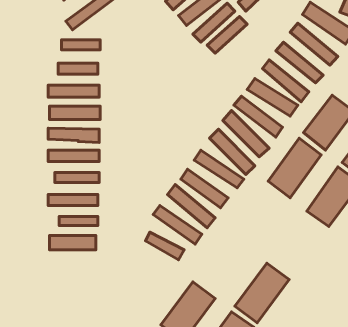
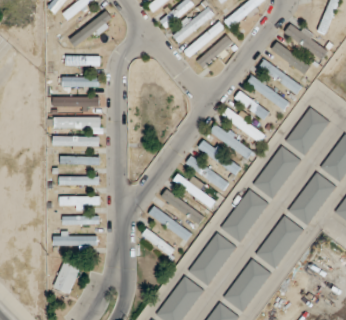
building: none -> [220,188,268,242]
building: none -> [255,215,303,269]
building: none -> [187,232,237,286]
building: none -> [53,261,80,295]

